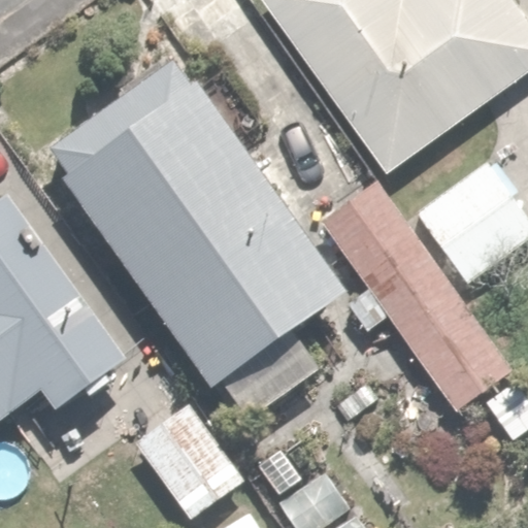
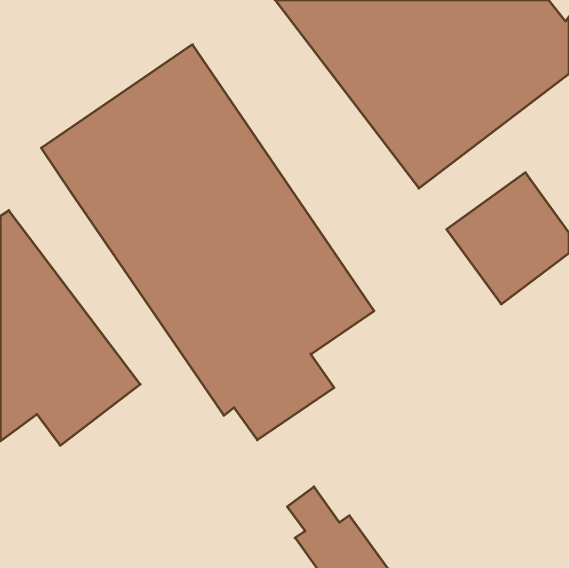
building: [319,185,509,409] -> none
building: [134,403,240,514] -> none

